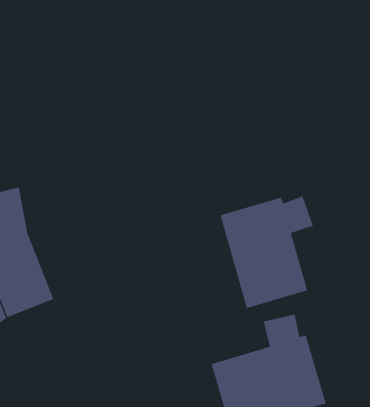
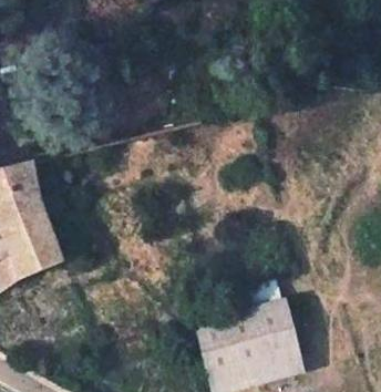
building: [220,196,313,309] -> none

